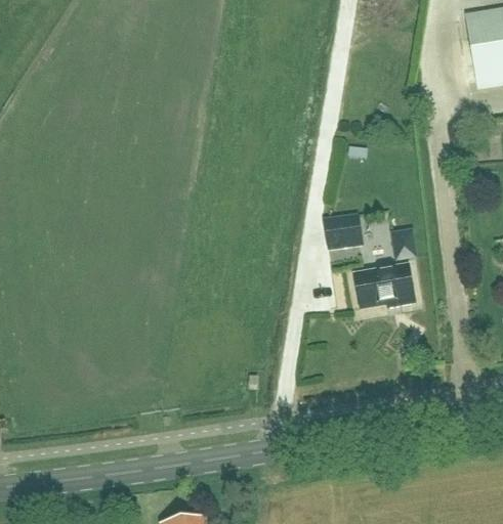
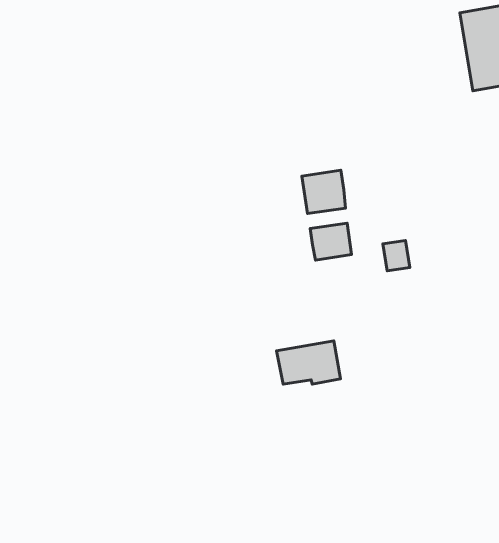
building: none -> [302,170,345,214]
building: [354,265,415,306] -> [277,341,341,384]

